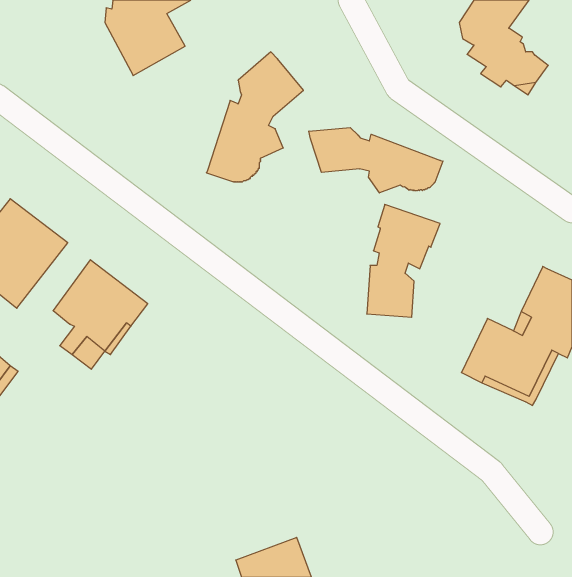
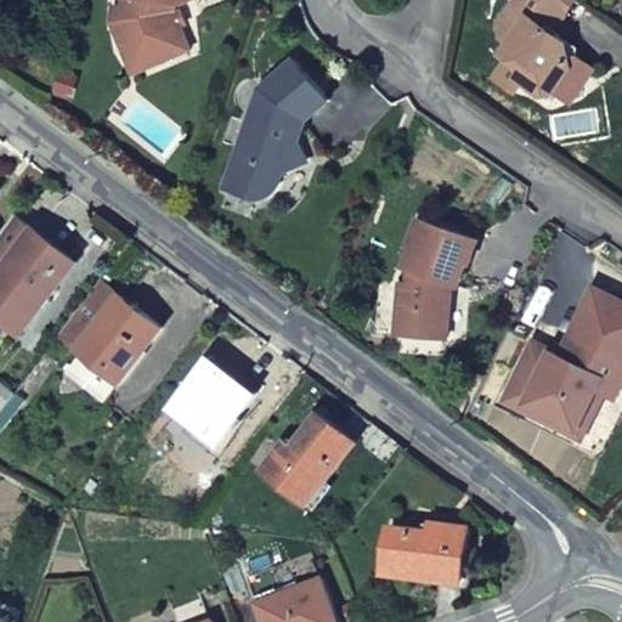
building: [309,128,443,193] -> none
building: none -> [169,360,254,442]
building: none -> [261,413,354,504]
building: none -> [381,522,466,582]

